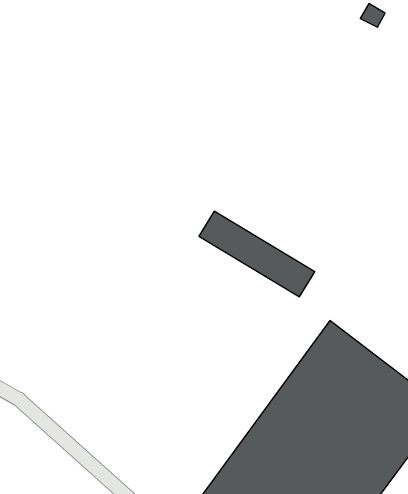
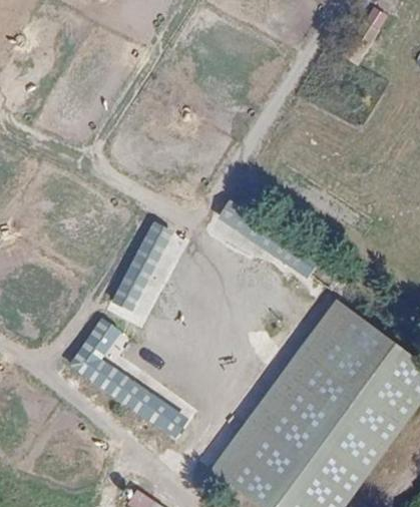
building: none -> [112,220,176,322]
building: none -> [65,317,188,439]

